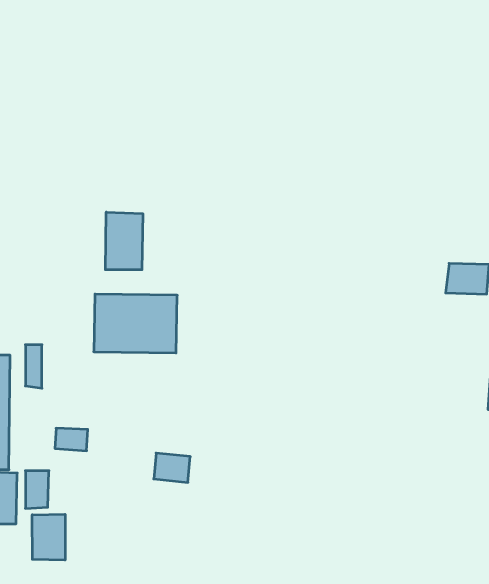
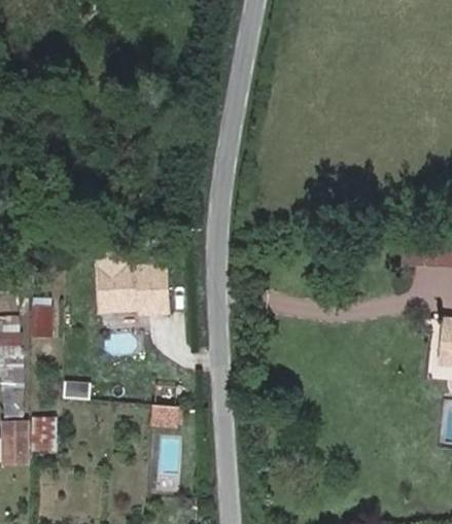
building: [105,212,143,270] -> none
building: [32,514,65,560] -> none

